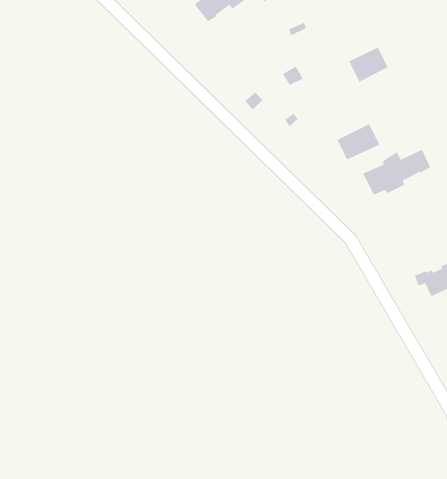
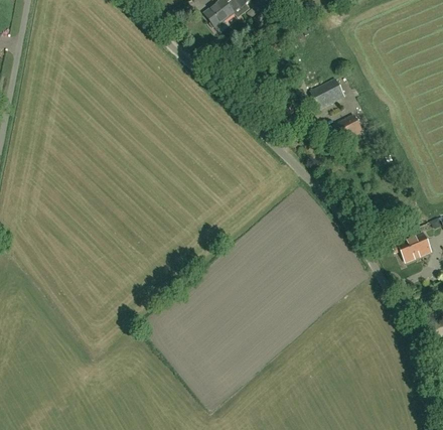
building: [349,47,389,82] -> [310,79,344,109]
building: [362,149,431,195] -> none

